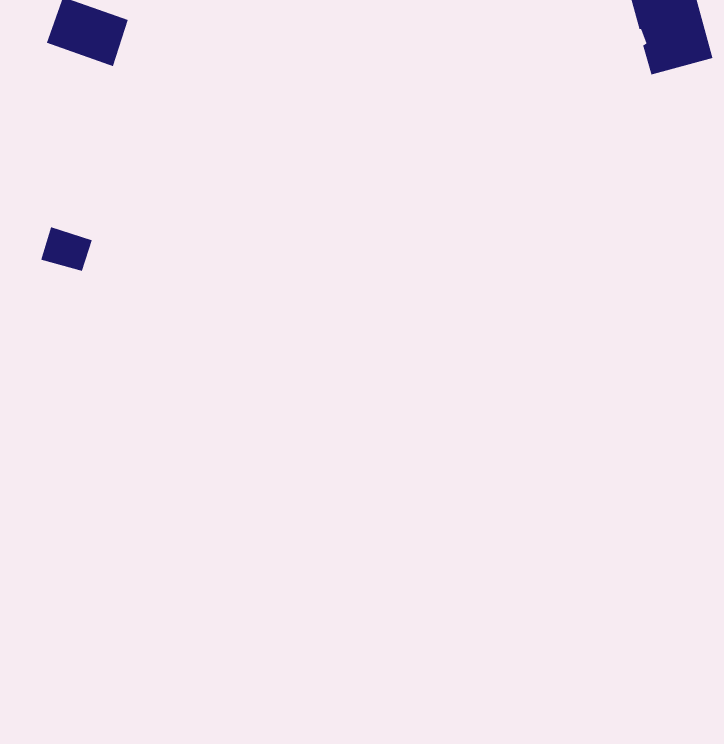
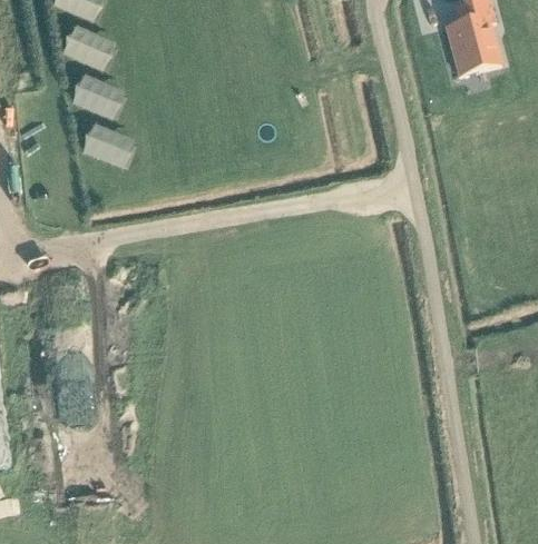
building: none -> [72,73,126,116]
building: [40,226,93,272] -> [87,125,121,155]

